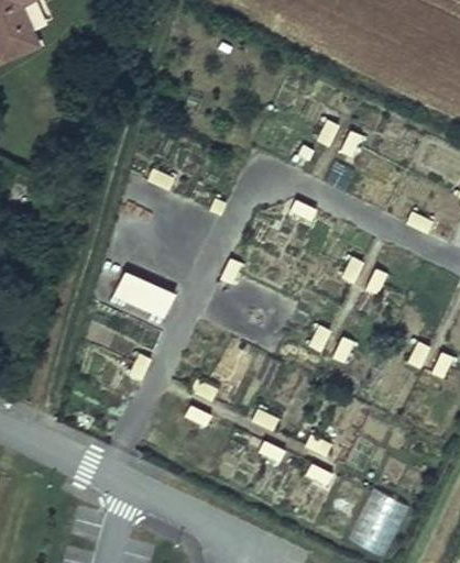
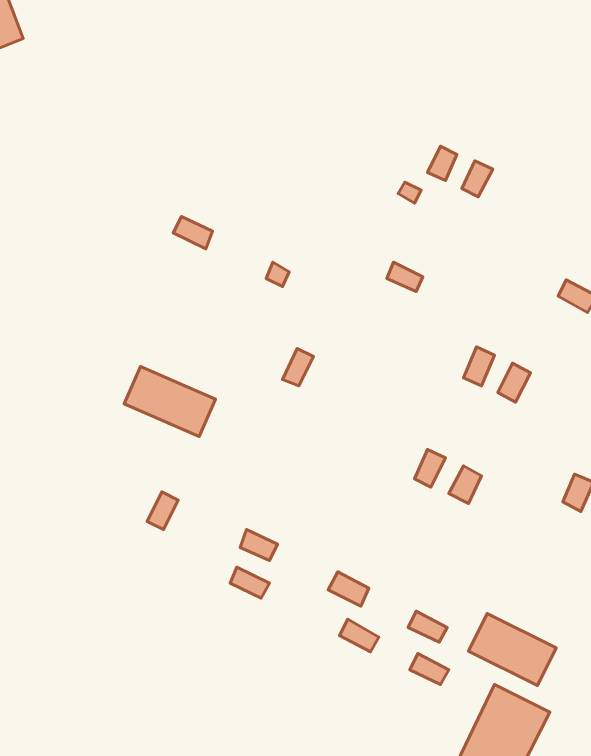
building: none -> [468,613,556,686]

